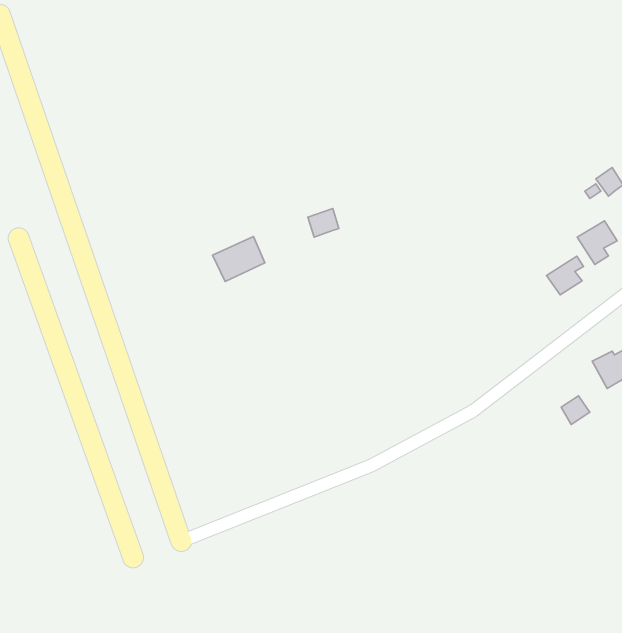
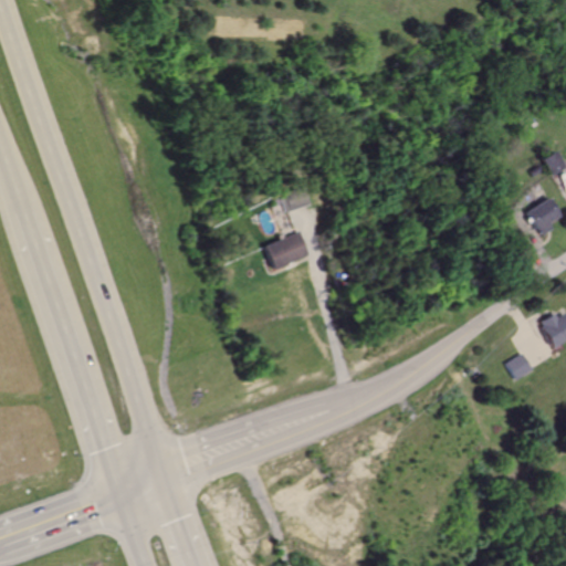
building: [213,237,265,281] -> [264,230,311,270]
building: [546,256,583,295] -> none

